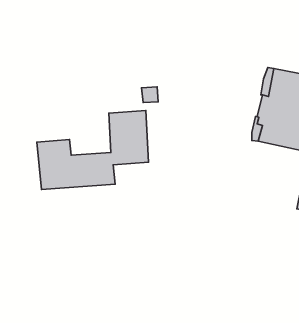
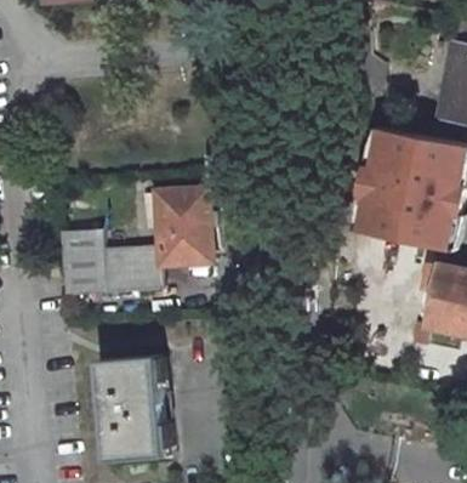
building: none -> [99,357,164,458]

